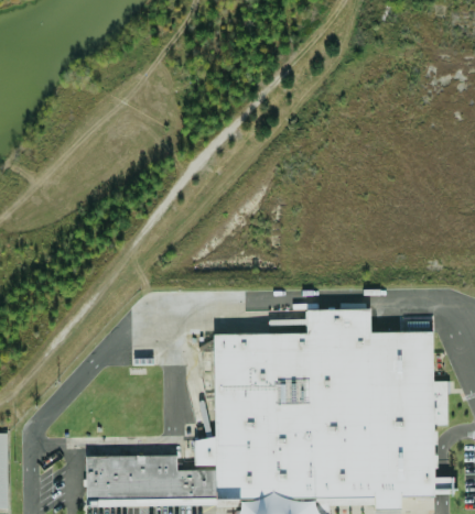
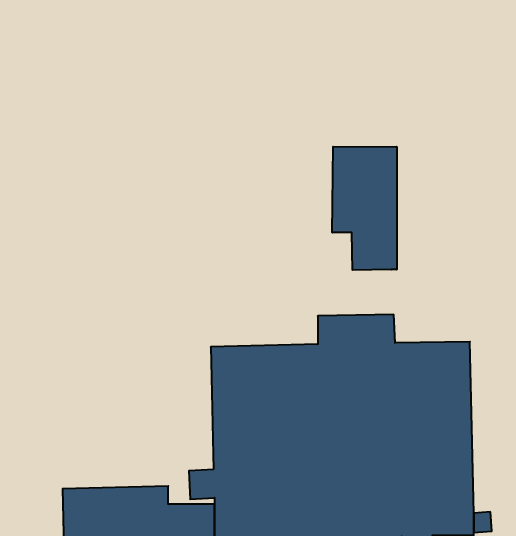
building: none -> [332,147,397,270]

